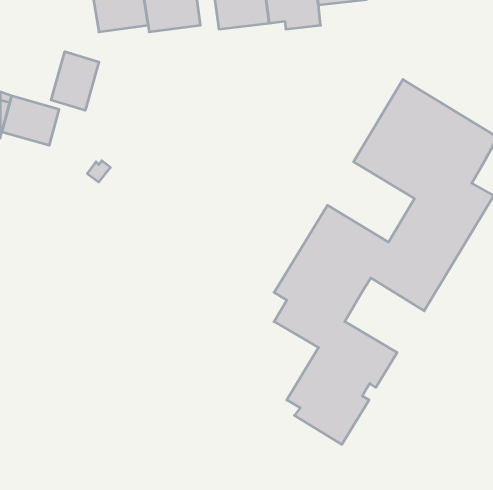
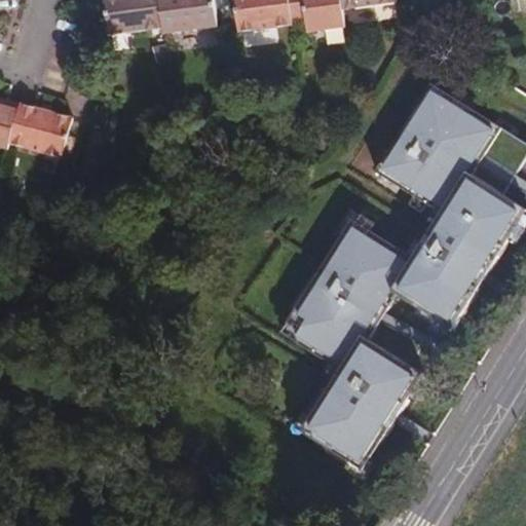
building: [51,52,99,110] -> none

